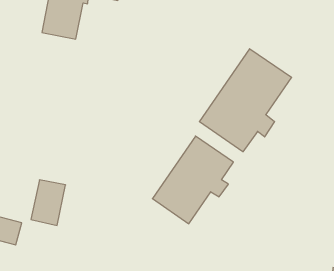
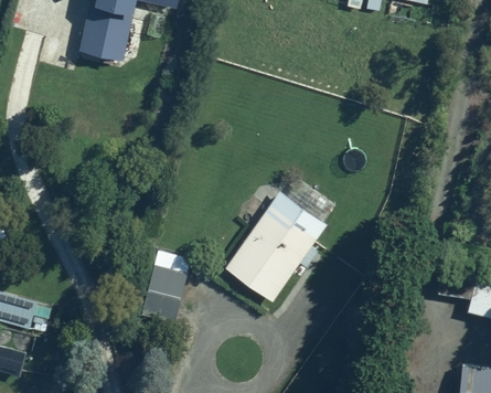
building: [199,49,292,152] -> none
building: [31,180,66,225] -> [141,265,186,325]

